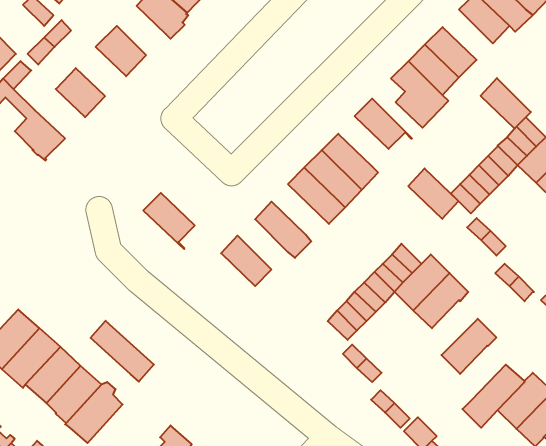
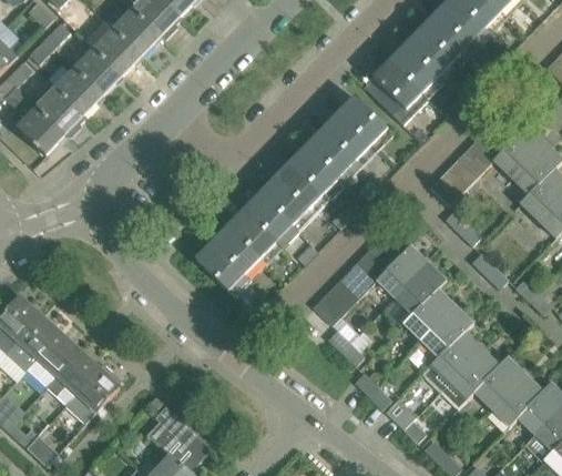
building: none -> [113,9,160,55]
building: none -> [74,48,122,94]
building: [481,78,531,128] -> [421,12,469,60]
building: none -> [35,88,83,134]
building: [408,168,459,219] -> [323,113,370,161]
building: none -> [259,178,314,232]
building: [143,193,195,249] -> [195,243,244,296]
building: none -> [227,211,275,259]
building: none -> [402,287,454,340]
building: [91,321,154,382] -> none
building: none -> [421,331,481,391]

